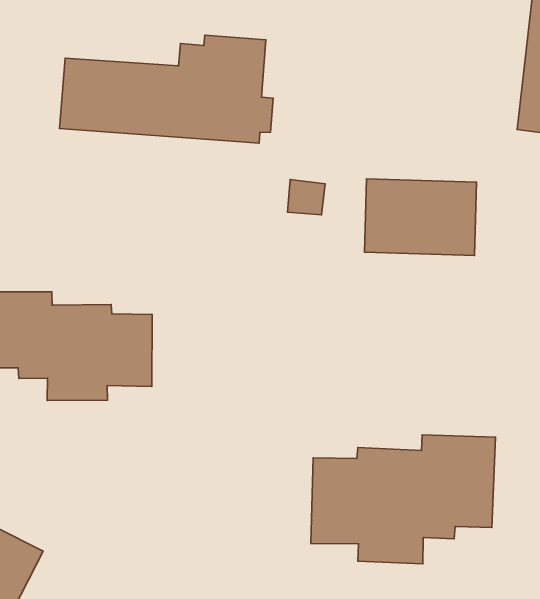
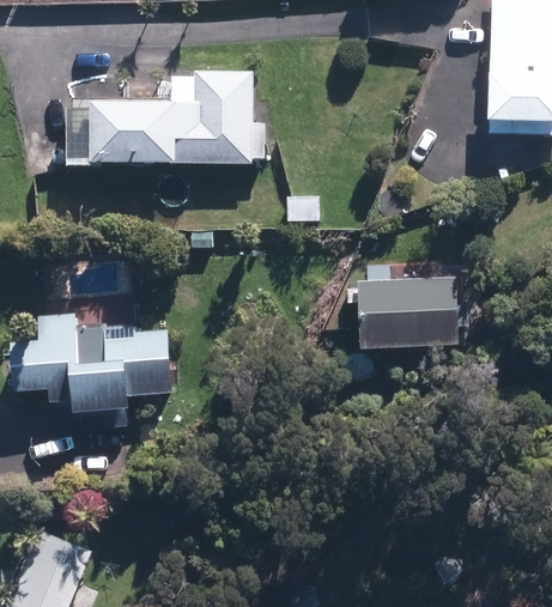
building: [365,179,476,256] -> [356,274,460,346]
building: [311,435,496,564] -> none

